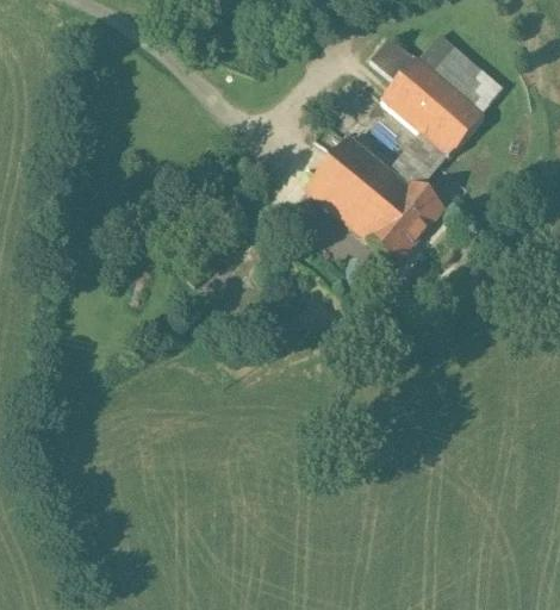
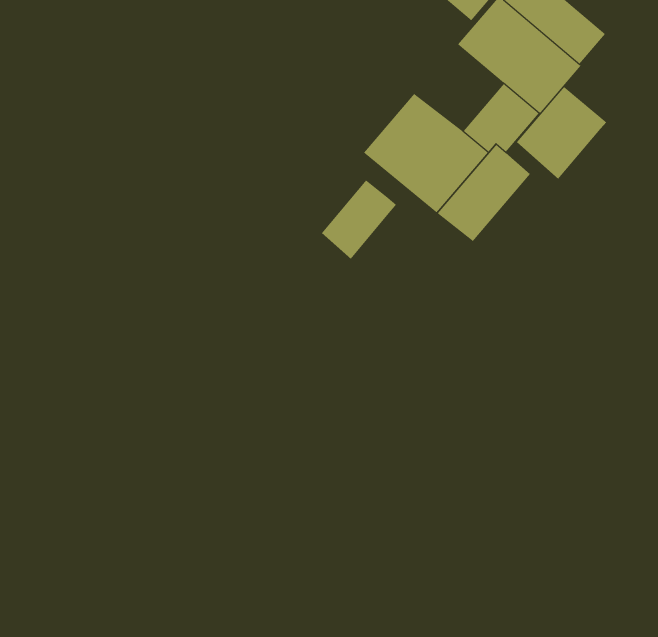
building: none -> [516,86,607,180]
building: none -> [321,179,397,260]

